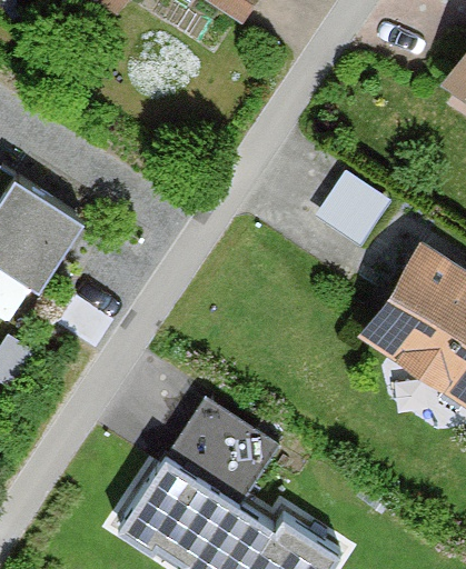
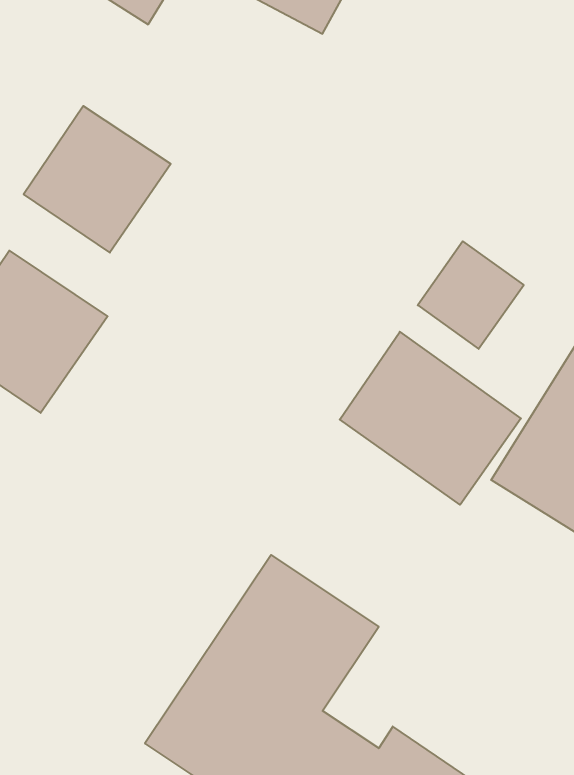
building: none -> [24,106,171,253]
building: none -> [340,332,521,505]

